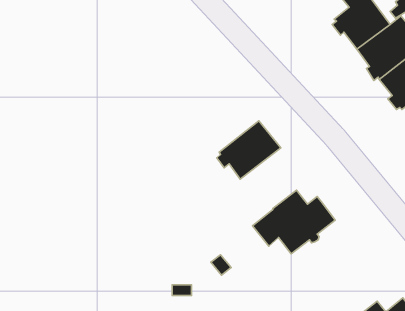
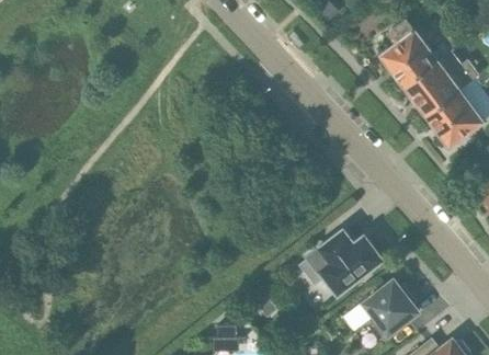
building: [217,121,281,179] -> none
building: none -> [363,279,419,336]

